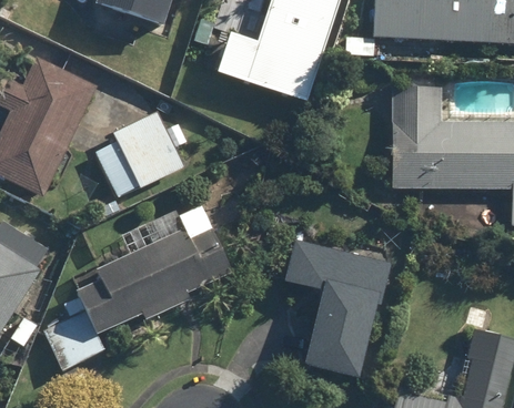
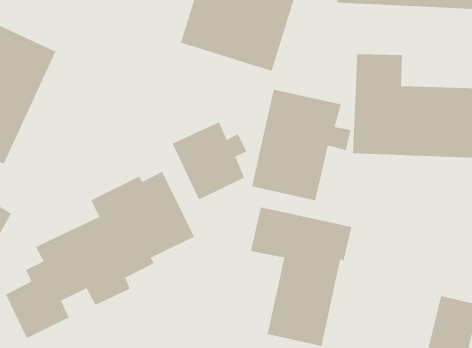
building: [111,110,187,188] -> [172,121,247,200]
building: none -> [252,89,351,201]

